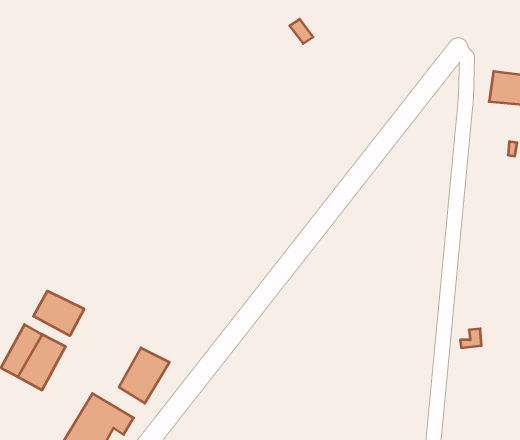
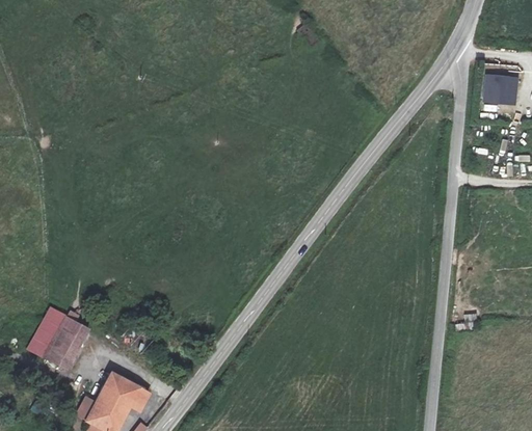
building: [33,291,84,336] -> none
building: [119,348,169,403] -> none

